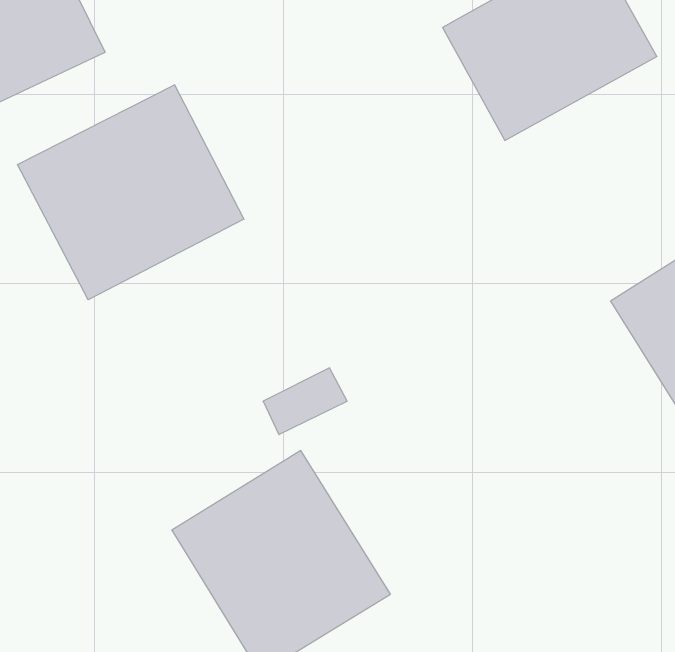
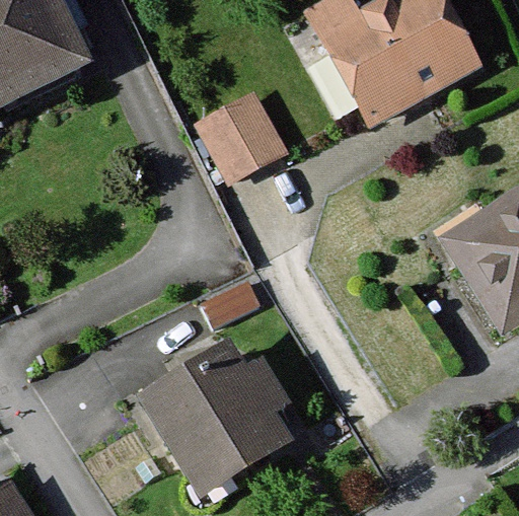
building: [18,85,244,300] -> none
building: none -> [198,91,287,179]

